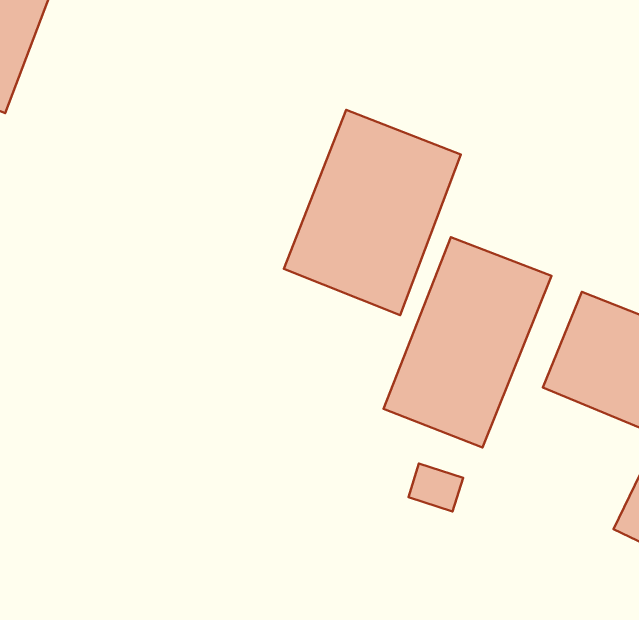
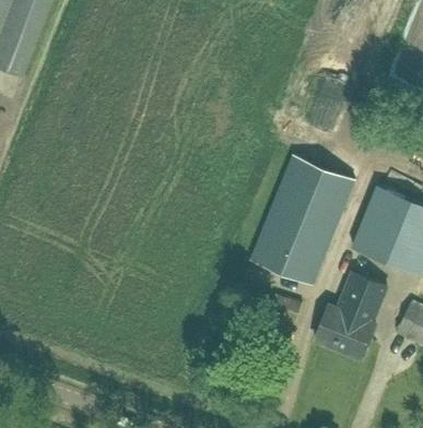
building: [284,110,461,315] -> none
building: none -> [313,270,388,359]

